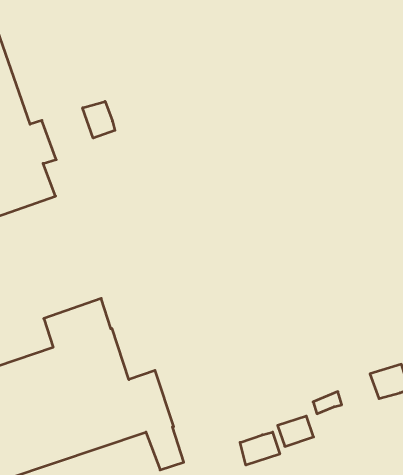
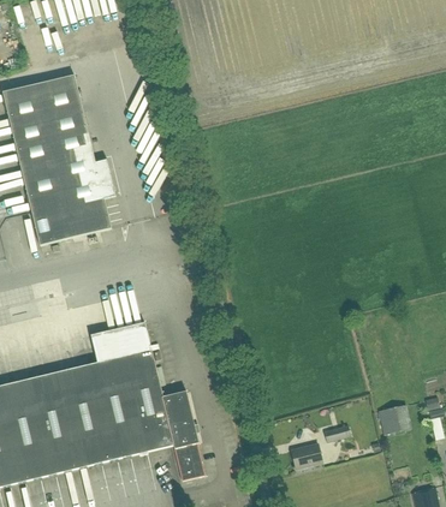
building: [83,101,115,138] -> none
building: [240,432,280,465] -> none

